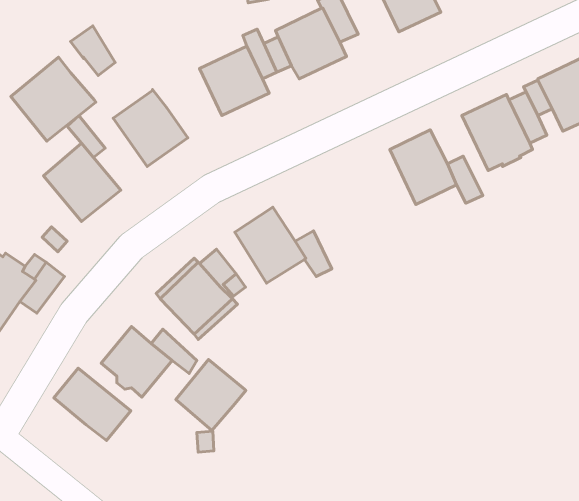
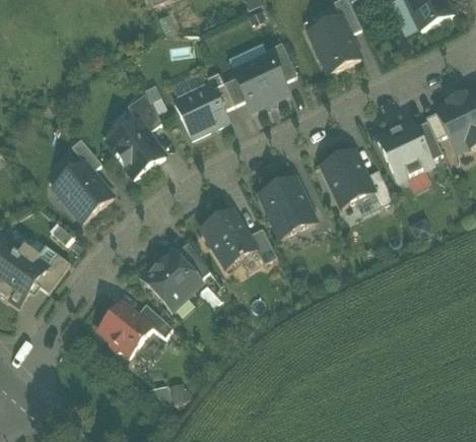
building: [71,26,115,75] -> [126,91,160,130]
building: [11,57,96,141] -> none
building: none -> [259,176,313,235]
building: [176,360,246,430] -> none
building: [54,368,131,440] -> none

